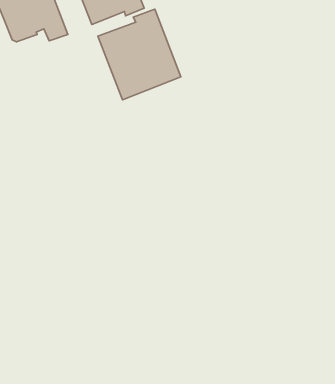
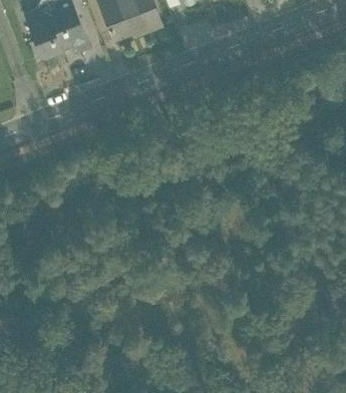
building: [98,9,181,100] -> none

